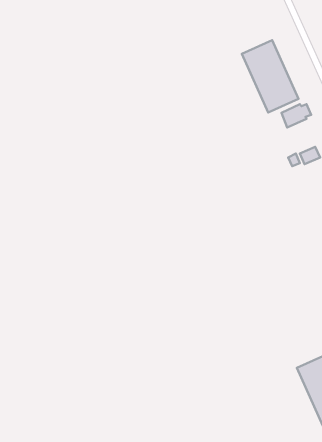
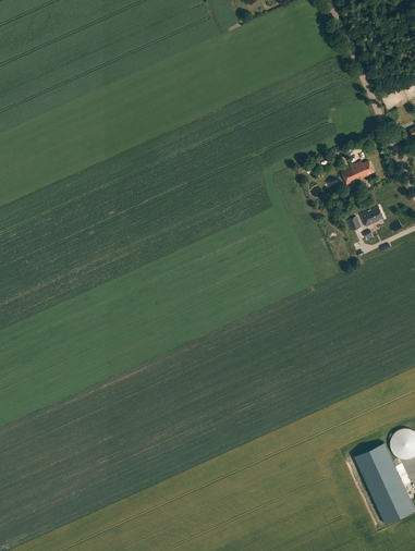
building: [242,40,299,113] -> none

